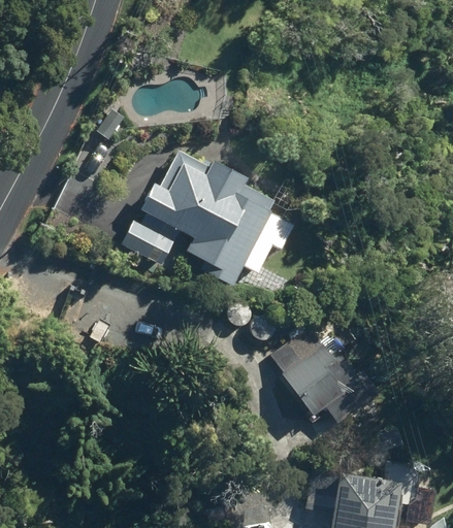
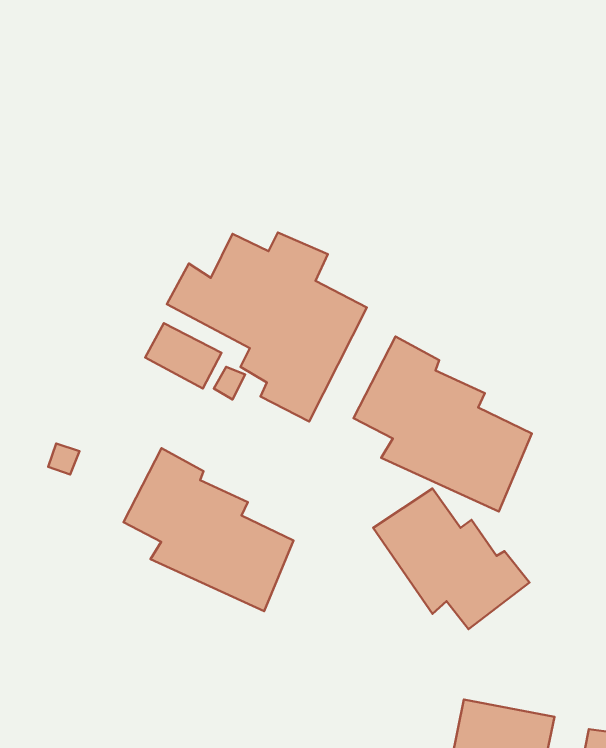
building: none -> [354,337,532,511]
building: none -> [123,448,294,611]

